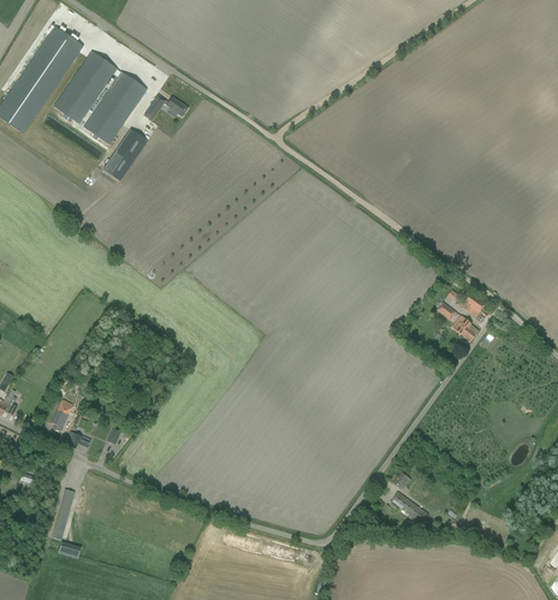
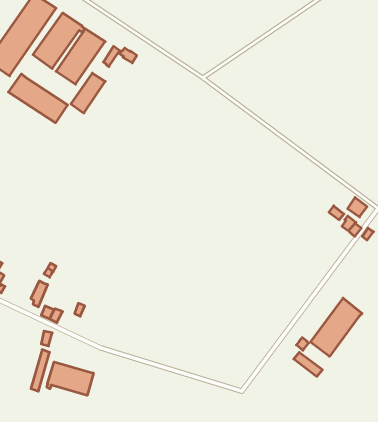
building: none -> [8,74,68,123]
building: none -> [311,298,362,356]
building: none -> [47,362,93,395]

